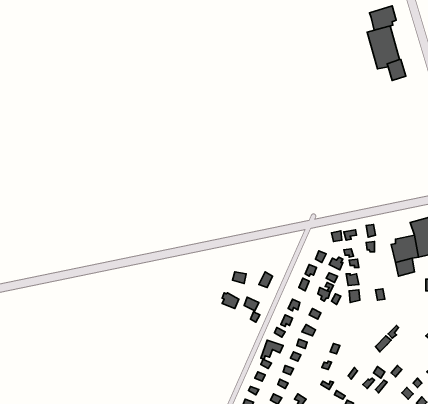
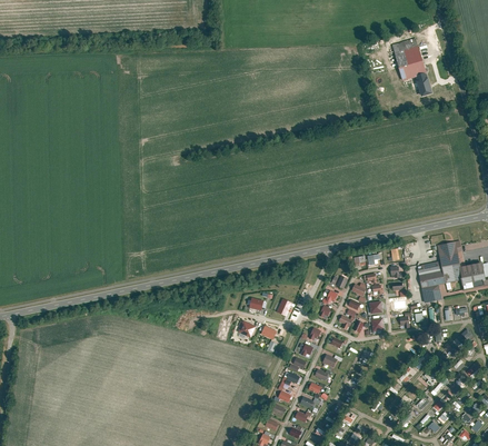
building: [369,6,396,30] -> none

